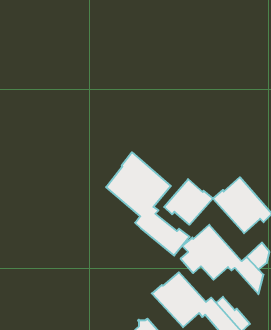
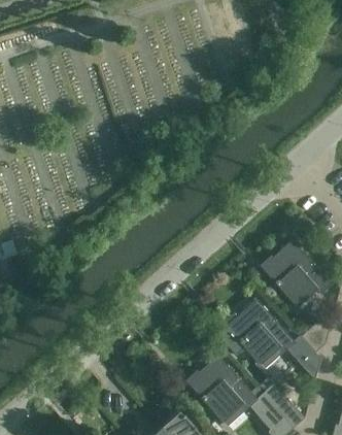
building: [106,152,190,256] -> none
building: [164,179,213,225] -> none

